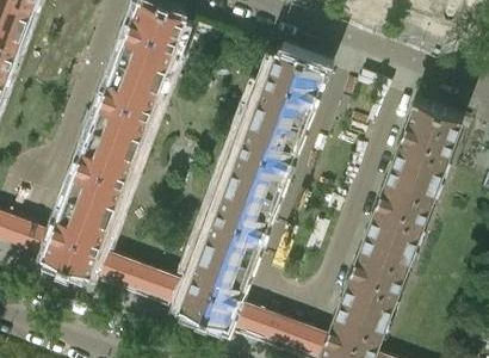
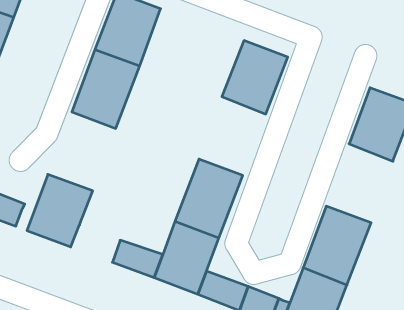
building: [229,109,302,195] -> none
building: [64,125,138,211] -> none
building: [367,160,440,246] -> none
building: [89,248,143,289] -> none

